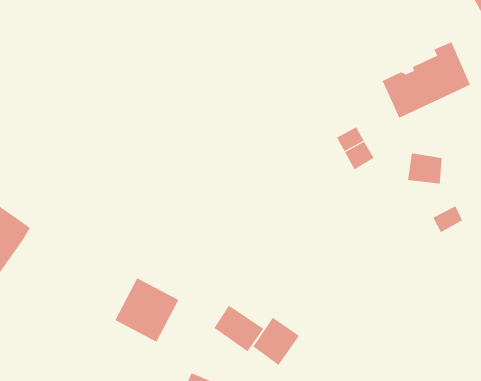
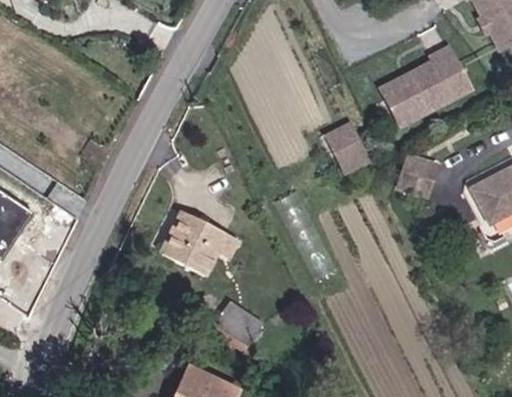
building: [114,278,179,342] -> [160,216,224,280]
building: [252,317,300,366] -> none

